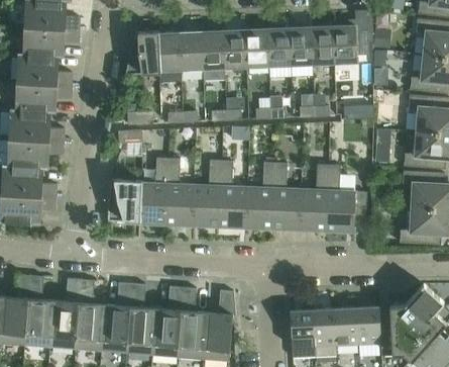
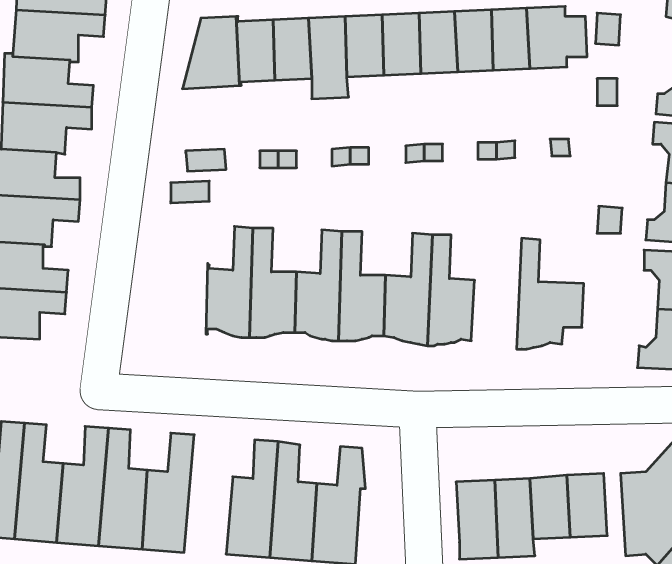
building: [299,164,329,231] -> none
building: [108,178,140,221] -> none
building: [126,282,155,354] -> none

